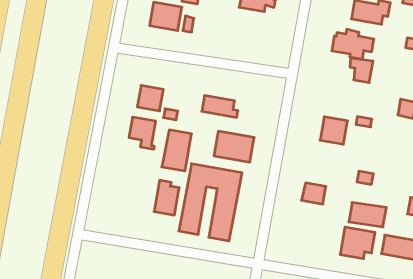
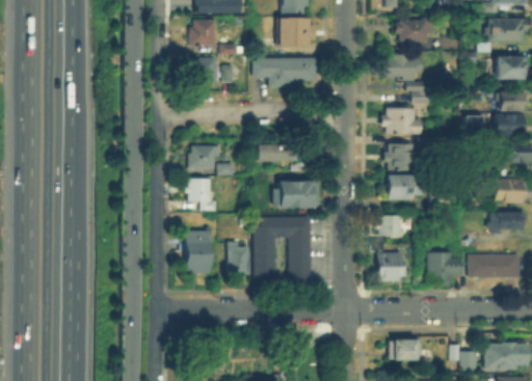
building: none -> [254,58,318,86]
building: none -> [384,107,421,134]
building: [162,130,192,171] -> [185,232,210,271]
building: [349,202,386,227] -> [387,176,423,198]
building: none -> [380,253,405,279]

